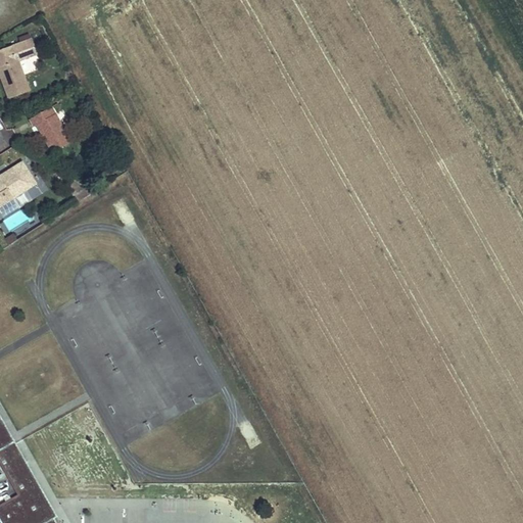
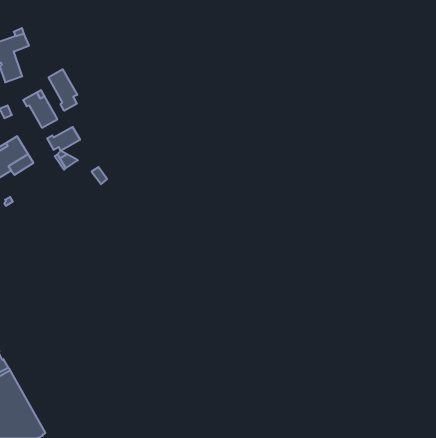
building: none -> [49,69,77,111]
building: none -> [47,127,80,151]

